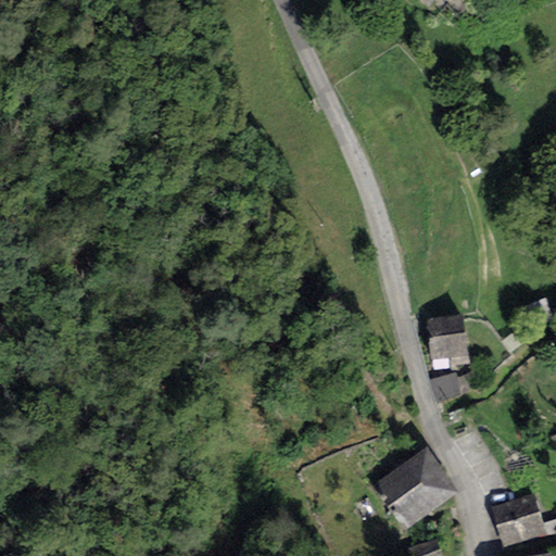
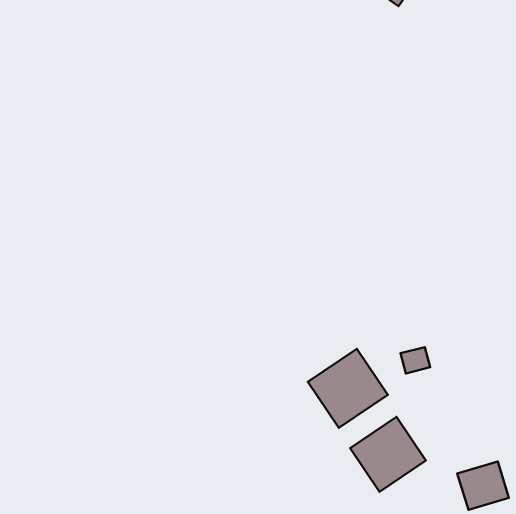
building: [428,317,467,363] -> none
building: none -> [308,349,388,428]

